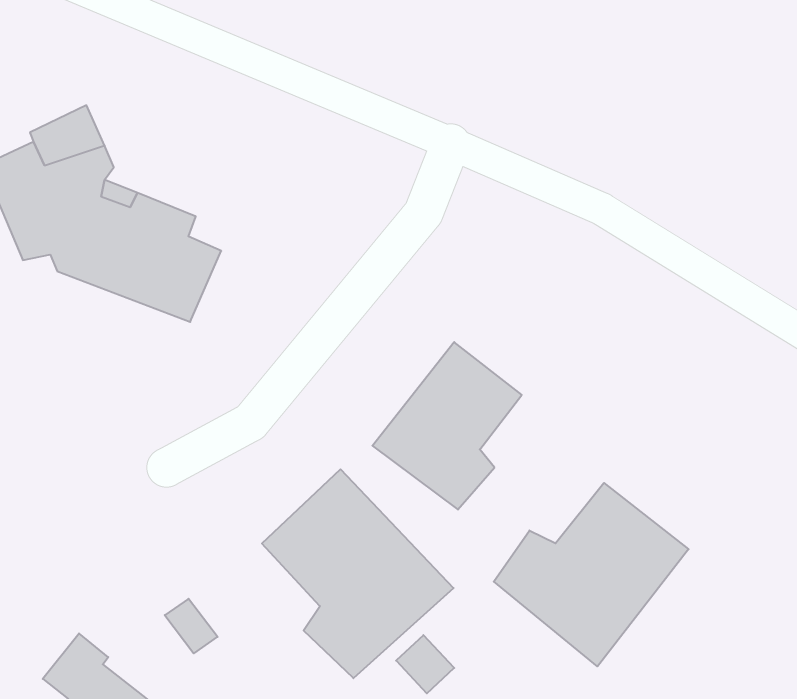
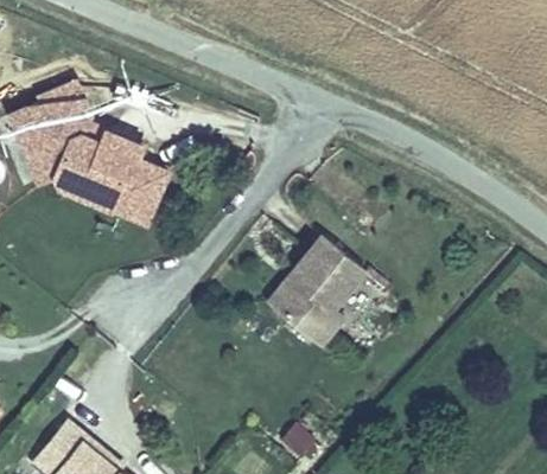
building: [262,469,454,678] -> none
building: [494,483,689,666] -> none

